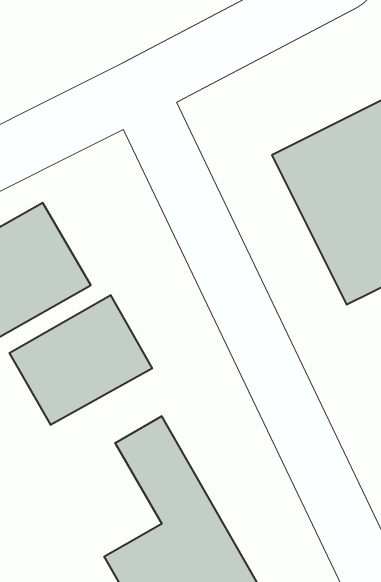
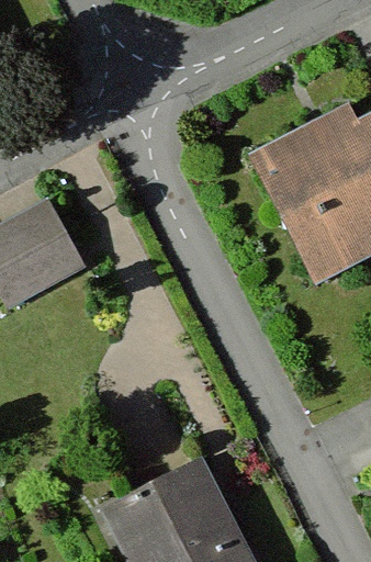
building: [9,295,152,425] -> none

